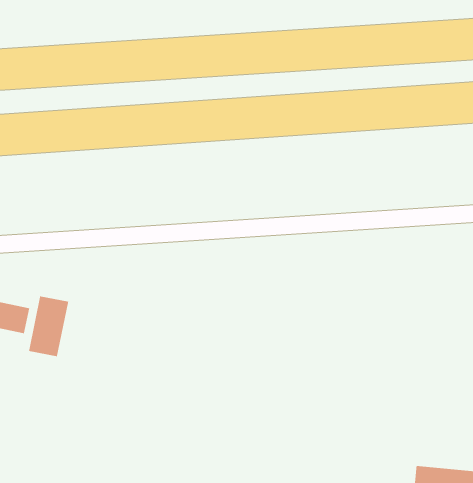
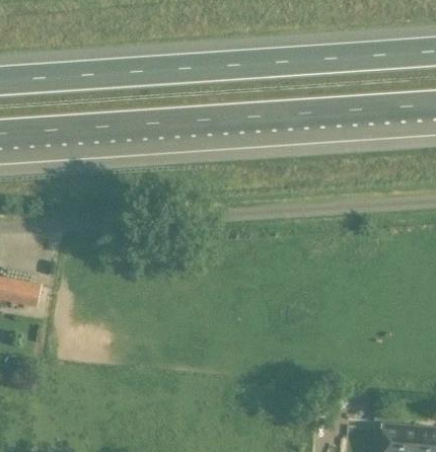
building: [28,295,69,357] -> none

